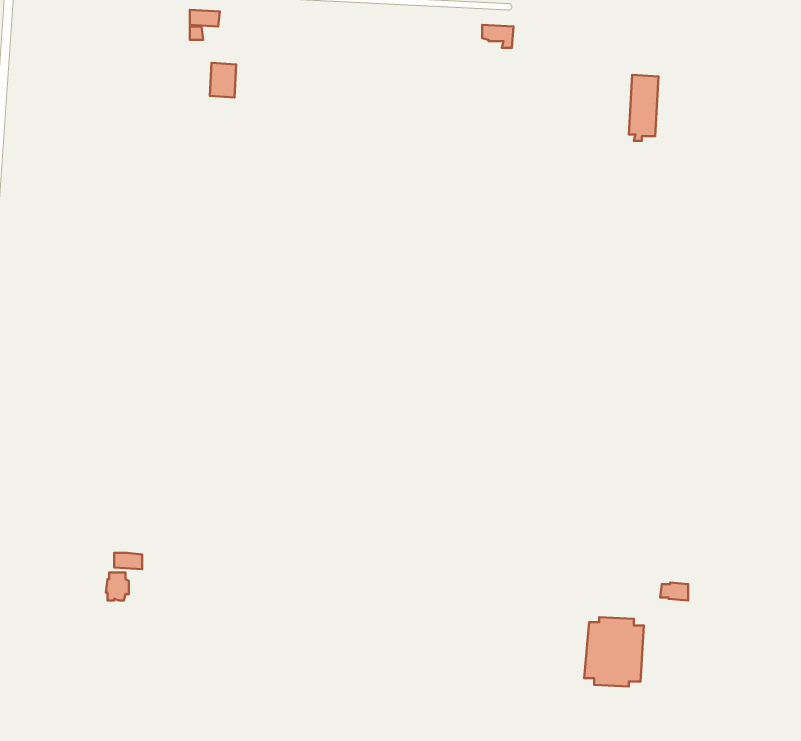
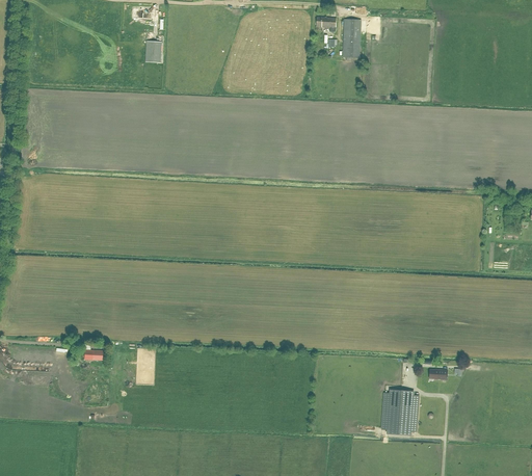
building: [629,75,658,141] -> [342,19,361,60]

